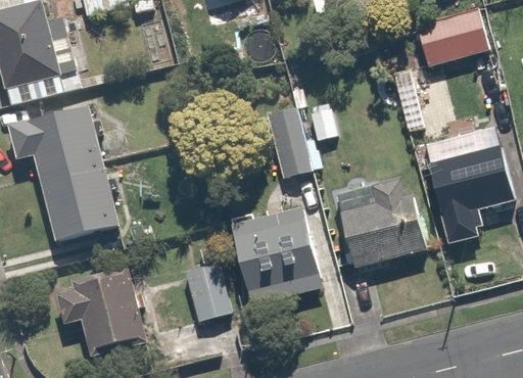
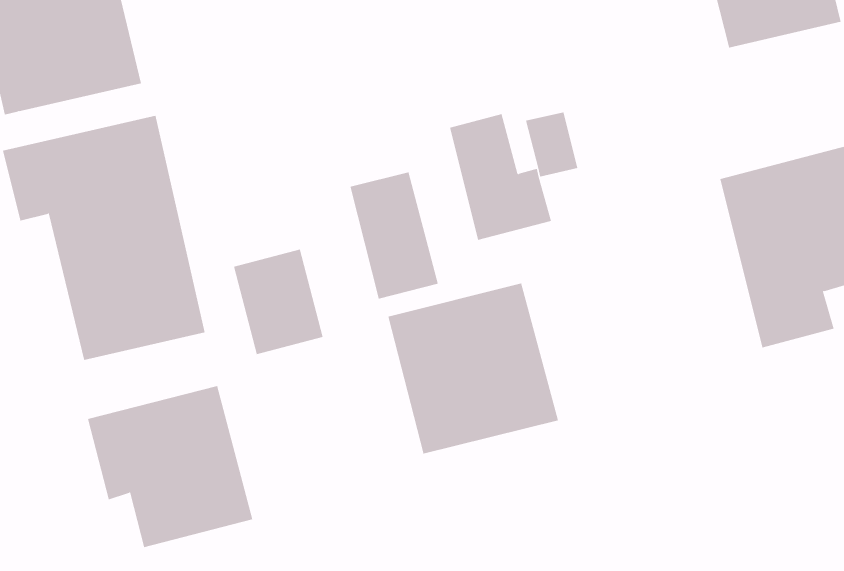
building: none -> [350,172,438,299]
building: [324,180,433,273] -> none
building: [182,259,234,321] -> [233,249,323,355]

